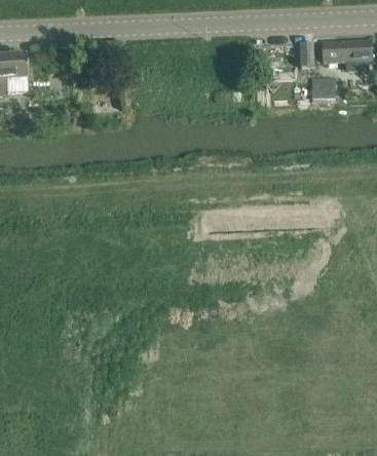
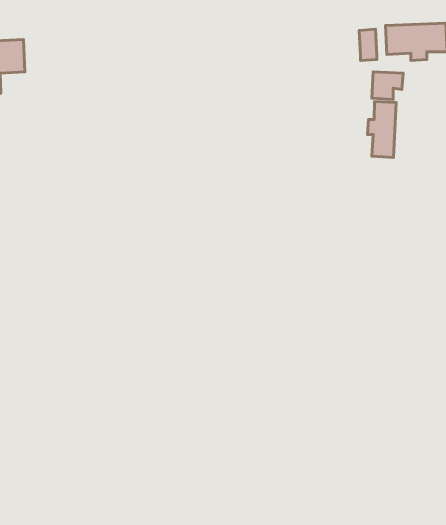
building: none -> [367,101,396,157]

